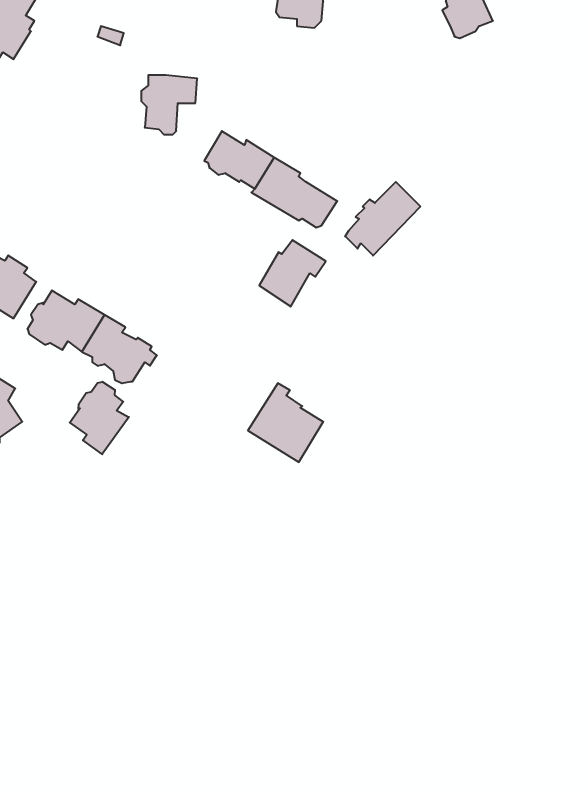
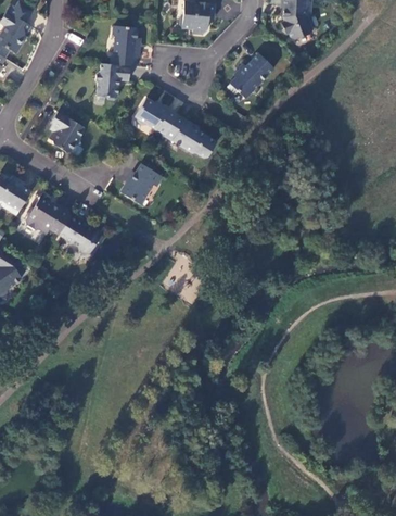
building: none -> [110,25,139,66]
building: none -> [49,111,85,154]
building: [345,182,420,256] -> [227,52,273,98]
building: [259,240,326,307] -> [120,163,162,204]
building: [70,382,129,454] -> none

